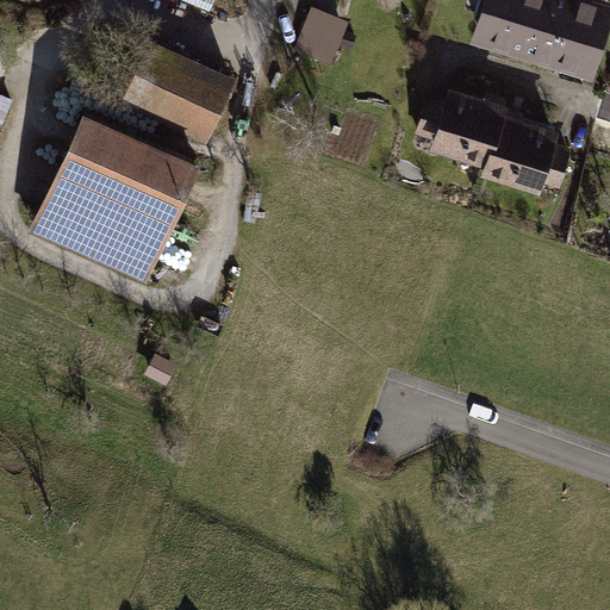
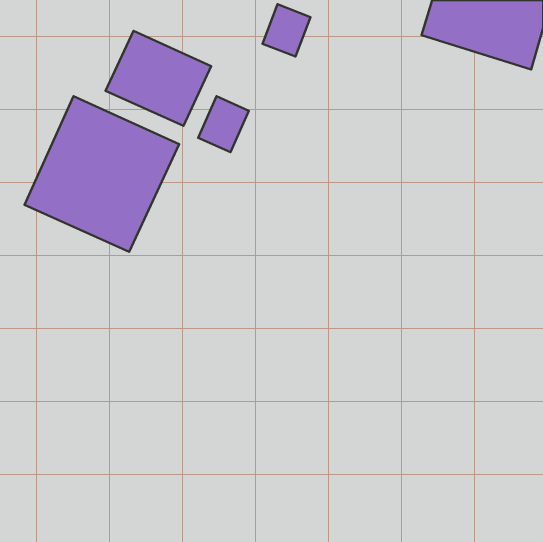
building: [430,88,573,193] -> none
building: none -> [198,96,249,152]

